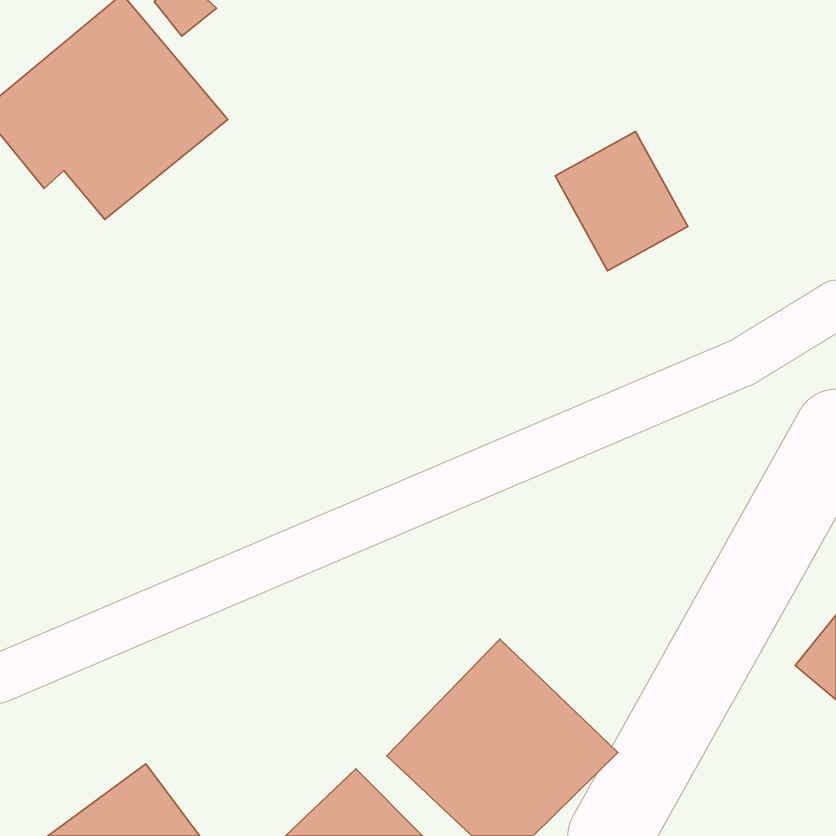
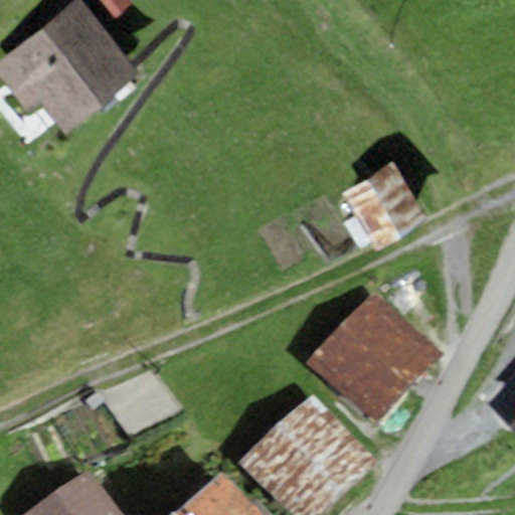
building: [555,132,688,271] -> [343,165,424,250]
building: none -> [308,289,442,423]

